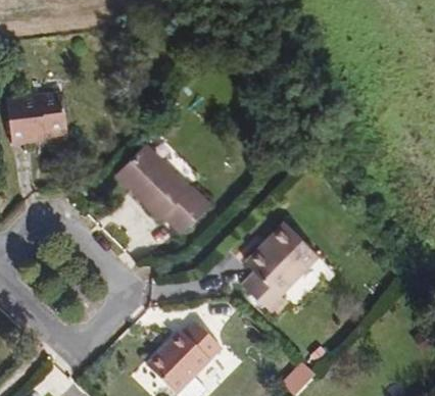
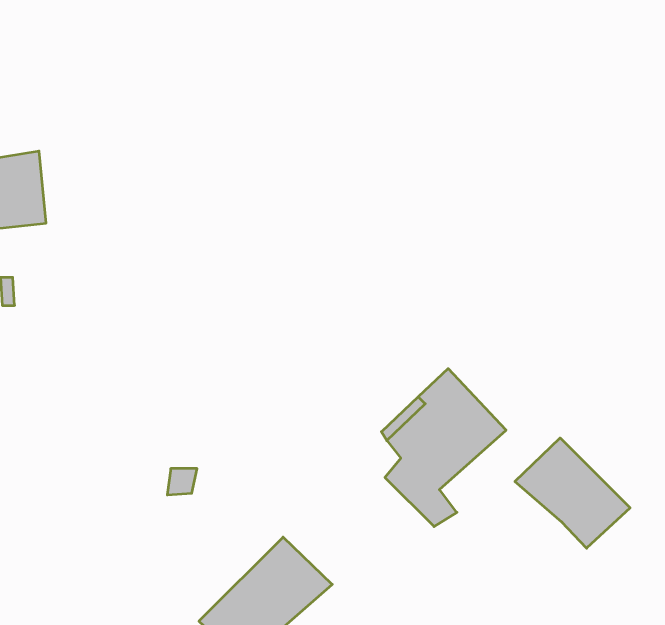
building: [120,147,213,234] -> none
building: none -> [515,438,630,548]

